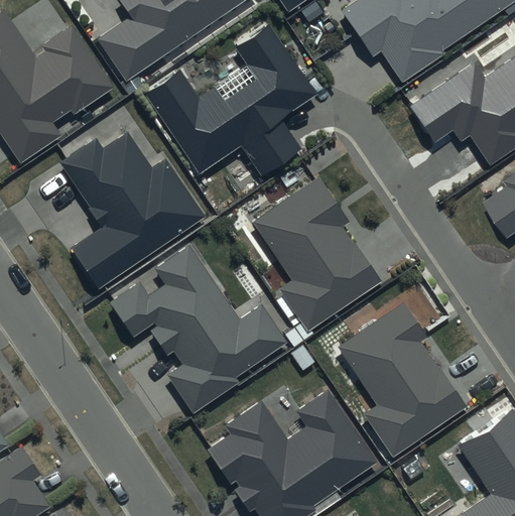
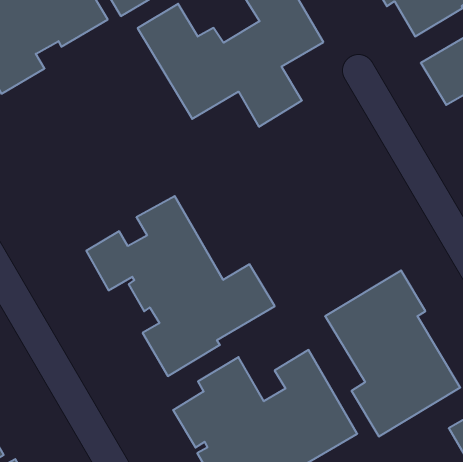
building: [59,131,206,287] -> none
building: [252,175,380,329] -> none

